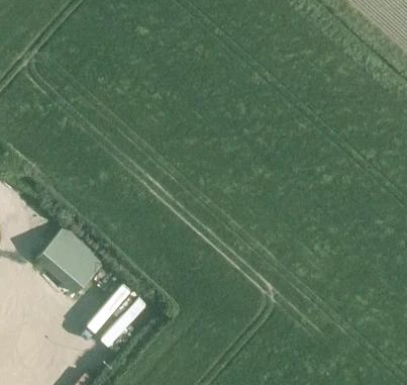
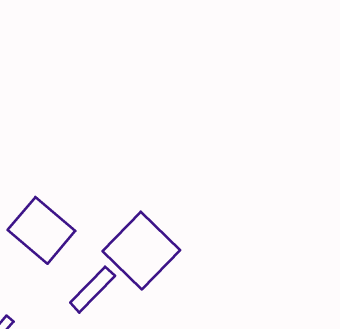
building: none -> [103,212,180,289]

